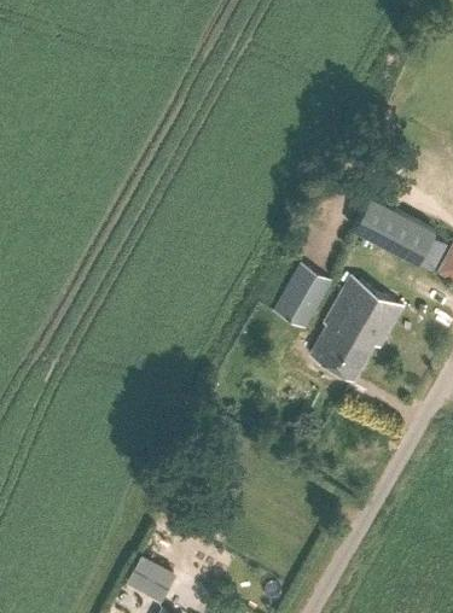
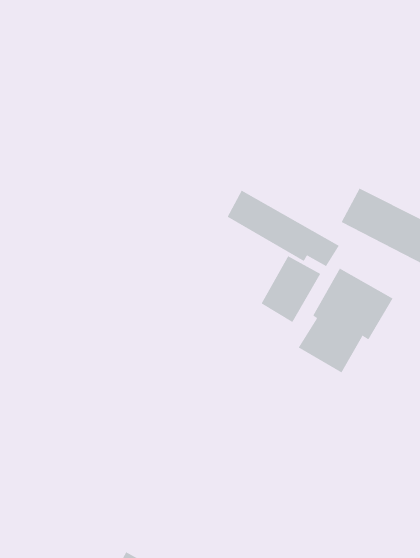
building: none -> [227,190,339,267]

